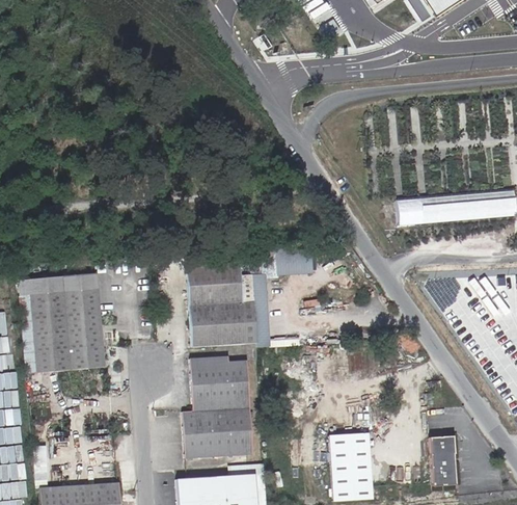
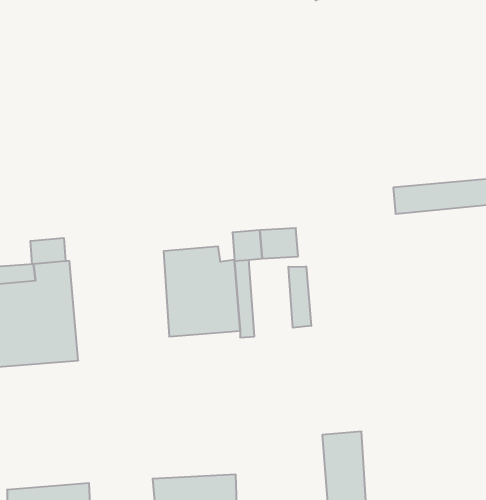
building: none -> [30,238,66,264]
building: none -> [288,266,311,328]
building: [182,353,253,455] -> none
building: [436,436,464,488] -> none

